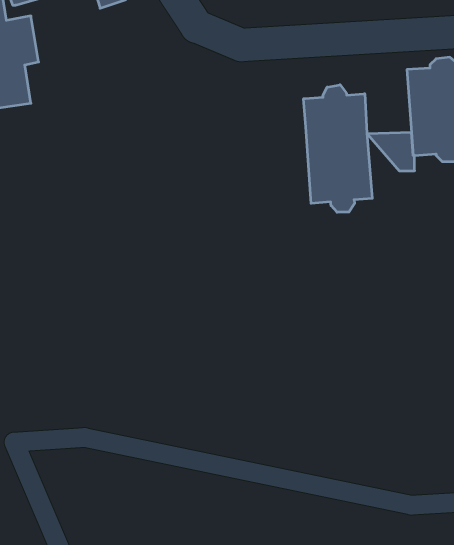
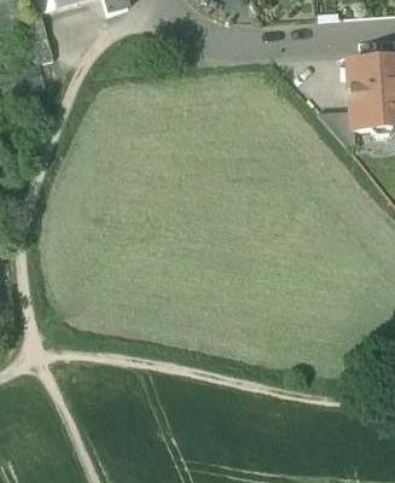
building: [304,85,372,212] -> none

